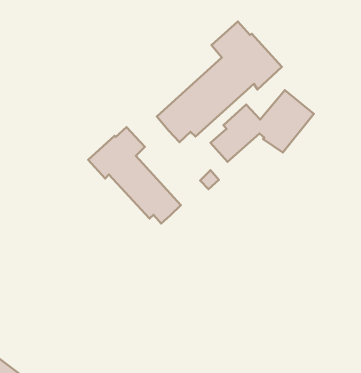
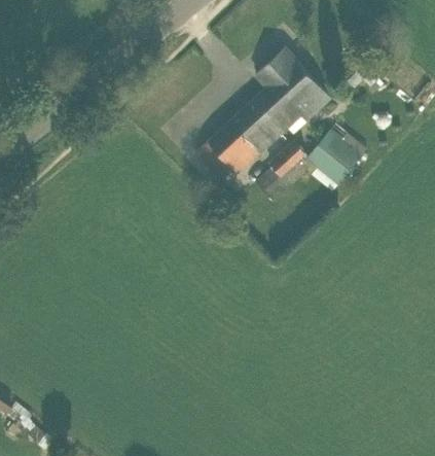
building: [88,127,181,224] -> none

